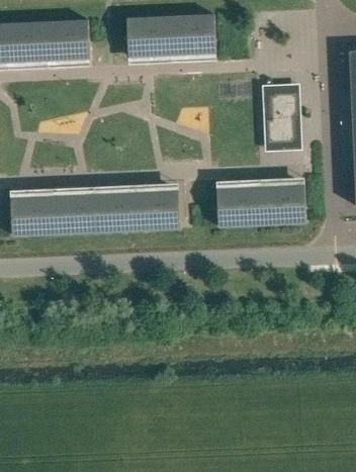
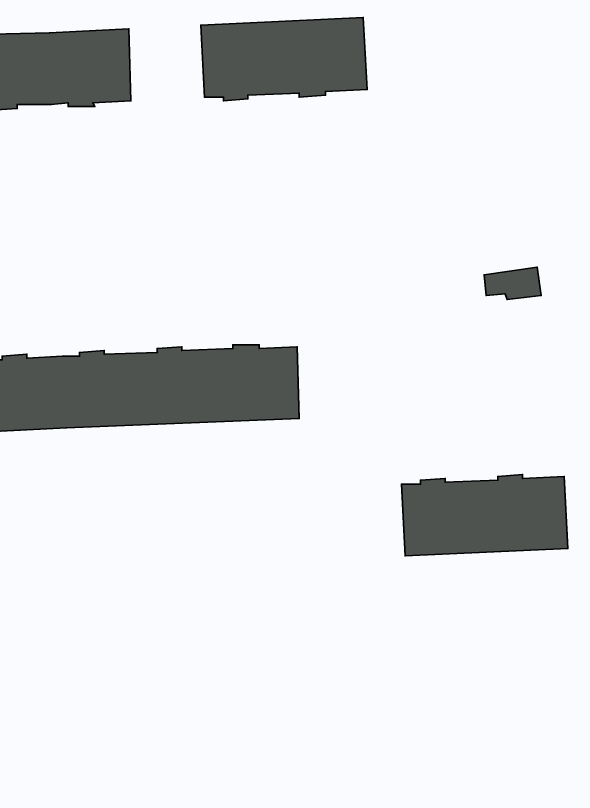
building: [265,91,298,144] -> none
building: [216,183,305,226] -> [402,475,568,556]

